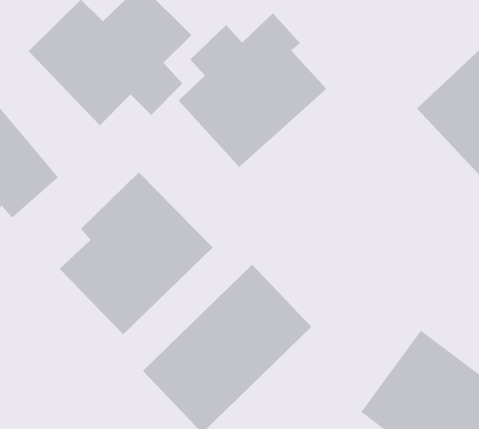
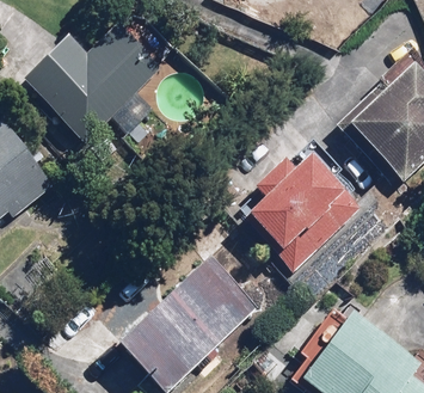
building: [178,12,327,168] -> [242,145,364,271]
building: [59,171,214,335] -> none

